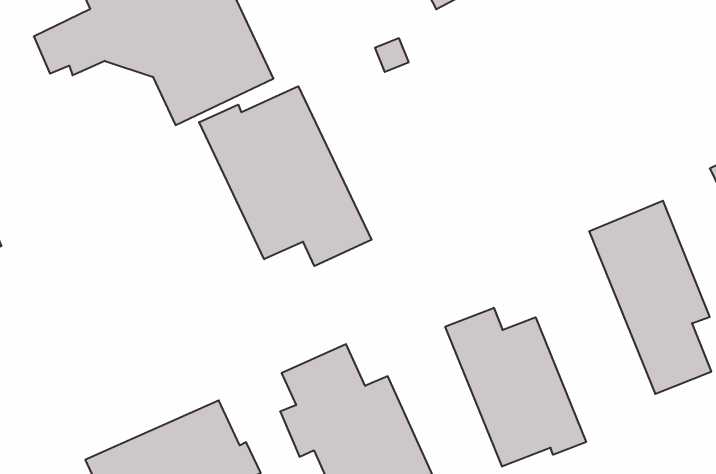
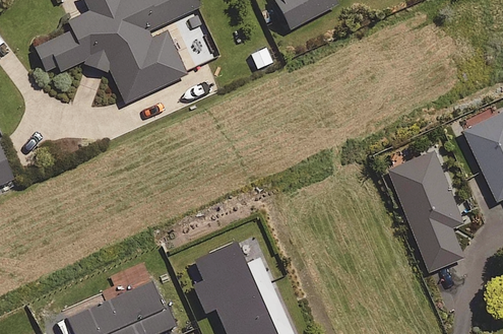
building: [199,86,371,266] -> none
building: [445,308,586,467] -> none

